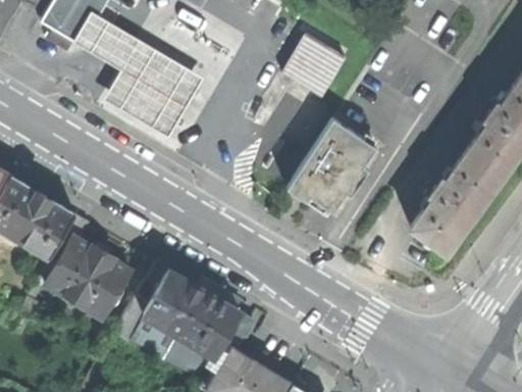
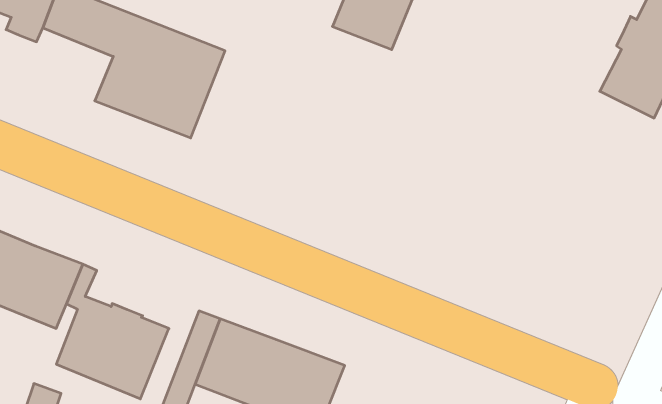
building: [290,120,375,213] -> none
building: [411,153,502,255] -> none

